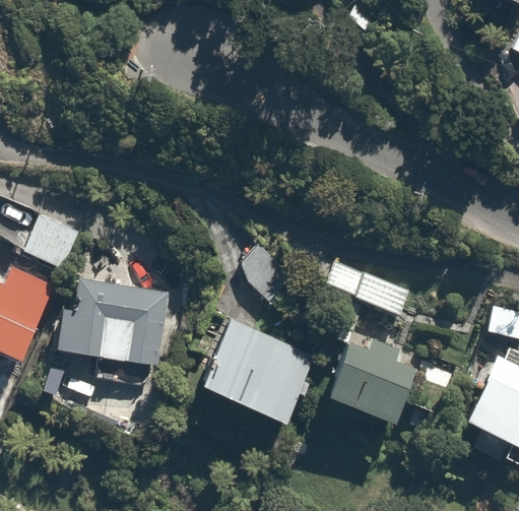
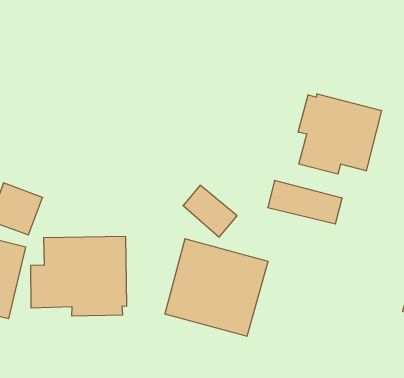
building: none -> [298,94,382,174]
building: [326,302,419,429] -> none

